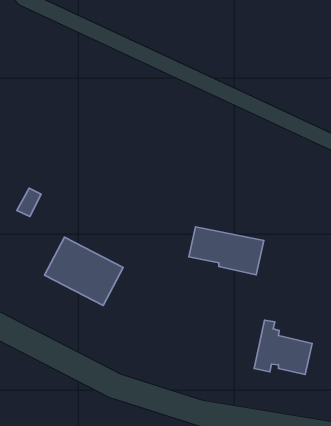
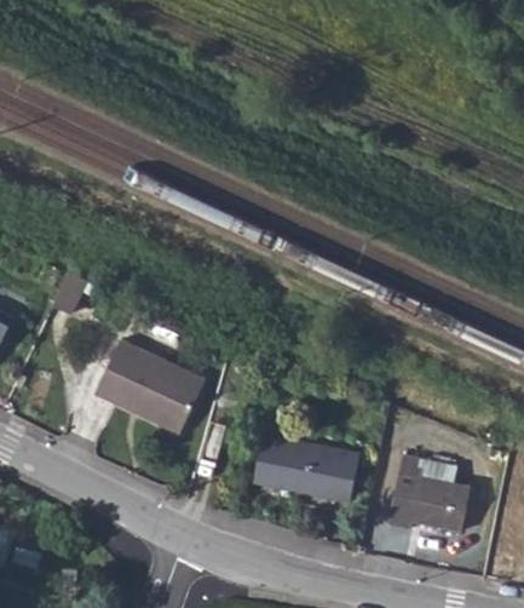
building: [189,227,264,275] -> [253,435,358,503]

